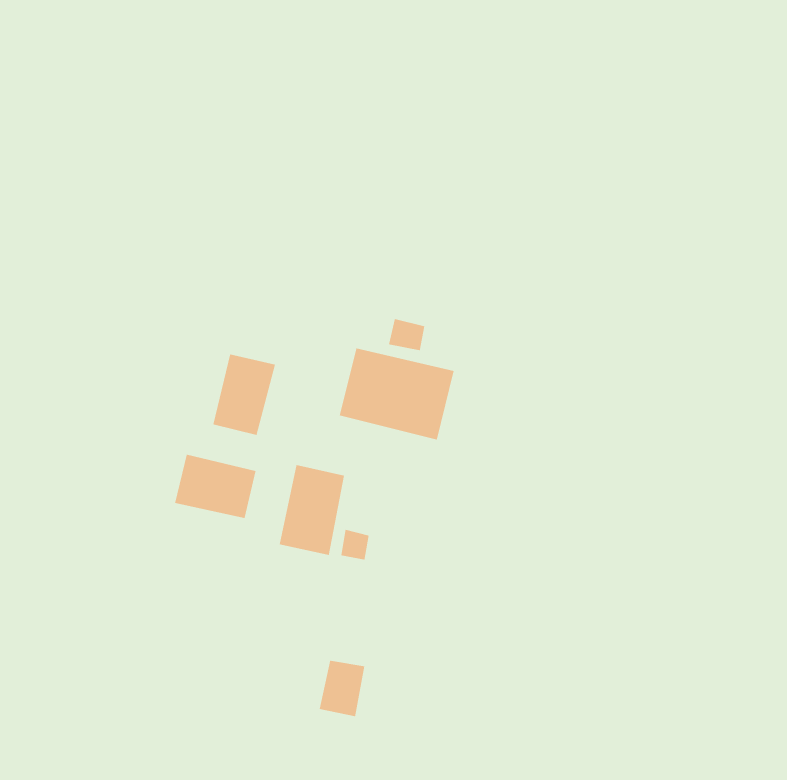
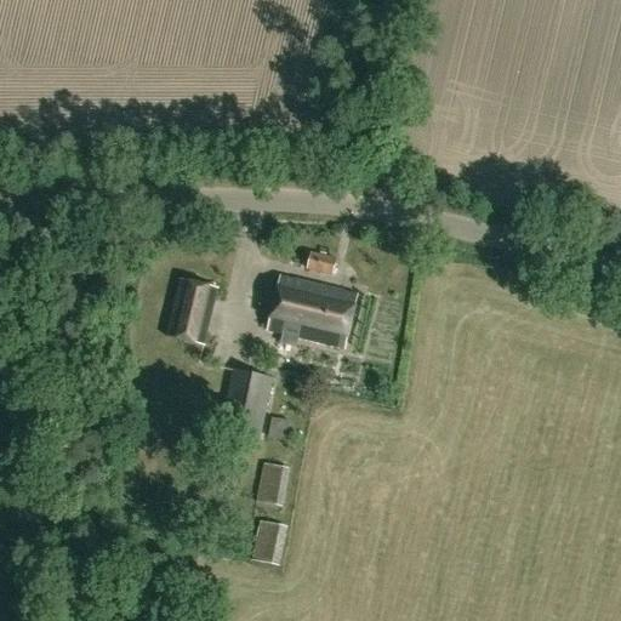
building: [174,454,256,519] -> none
building: none -> [257,461,289,502]

